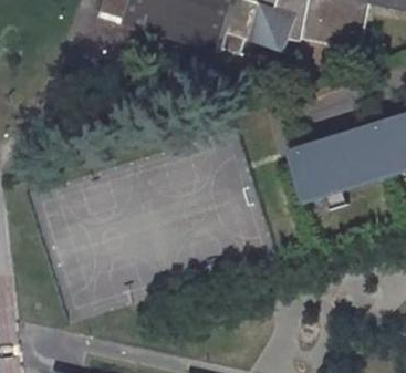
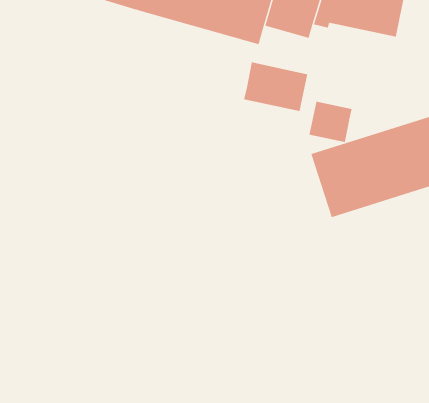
building: none -> [244,62,308,112]
building: none -> [309,101,352,143]

